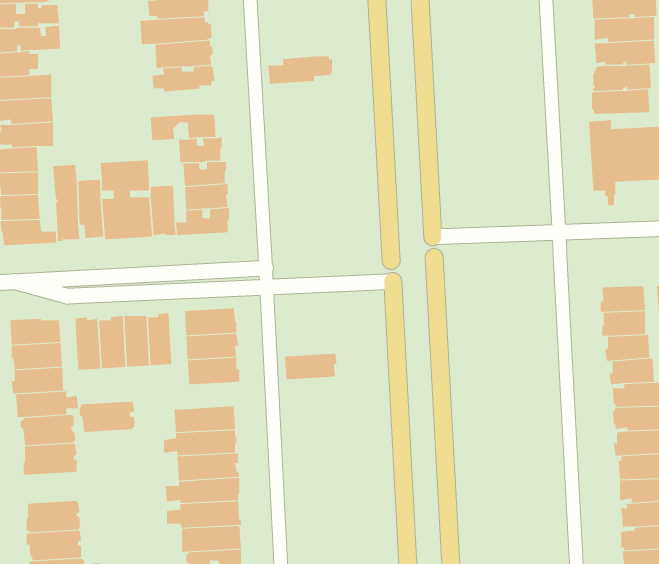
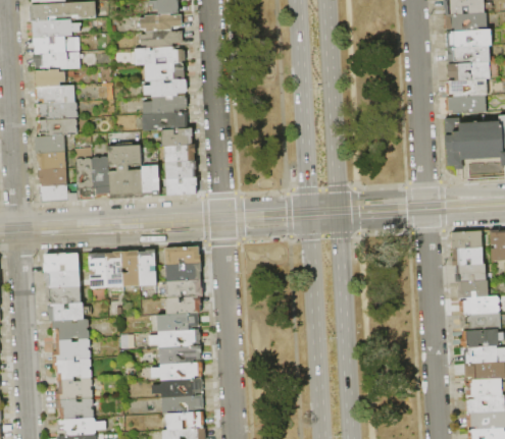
building: [268,56,333,84] -> [141,95,186,114]
building: [284,353,338,380] -> [165,296,202,315]
building: [79,401,135,432] -> [53,359,92,380]

